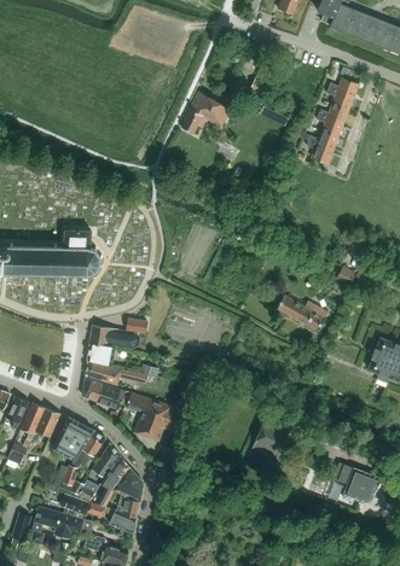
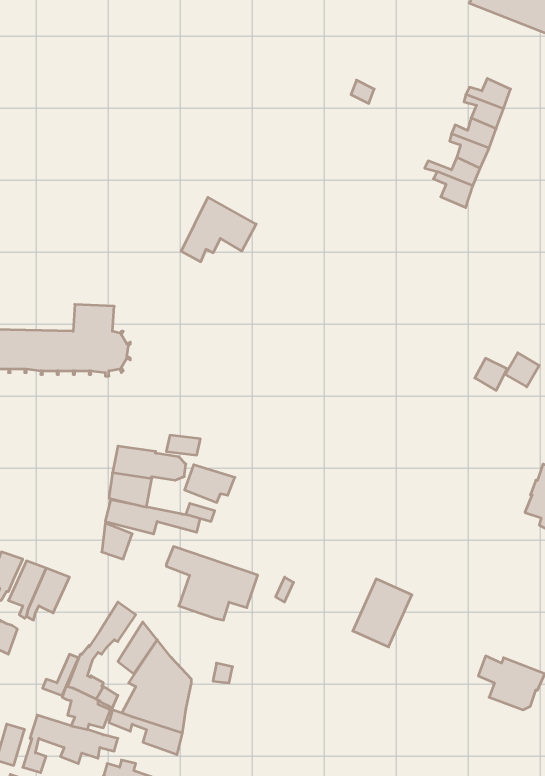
building: [180,91,231,134] -> [181,197,256,262]
building: [276,294,326,331] -> none
building: [97,384,131,409] -> [185,465,235,502]
building: [53,416,93,460] -> none

